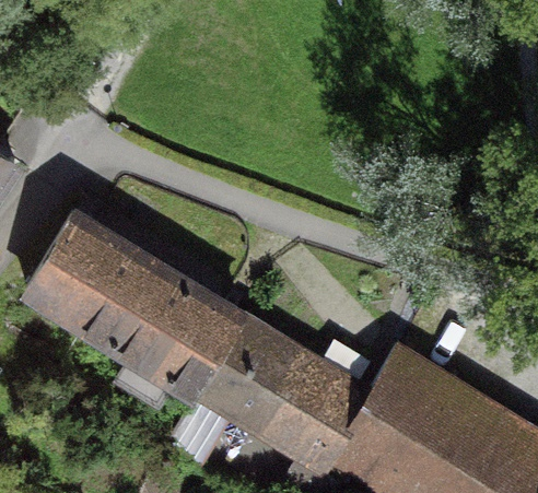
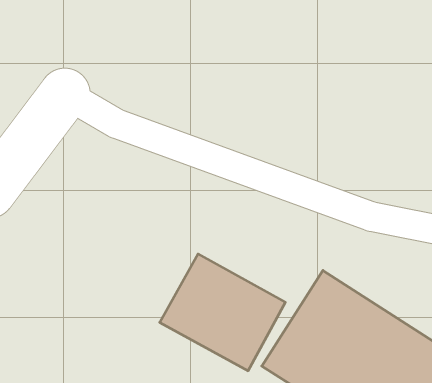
building: [21,214,239,398] -> none

